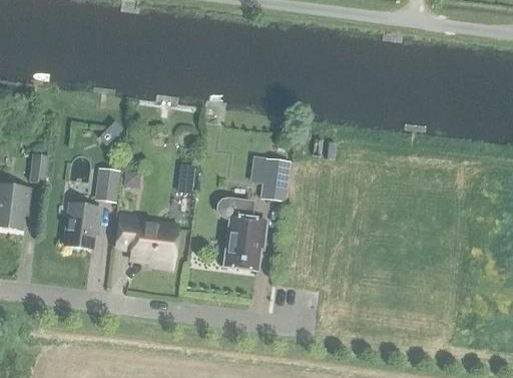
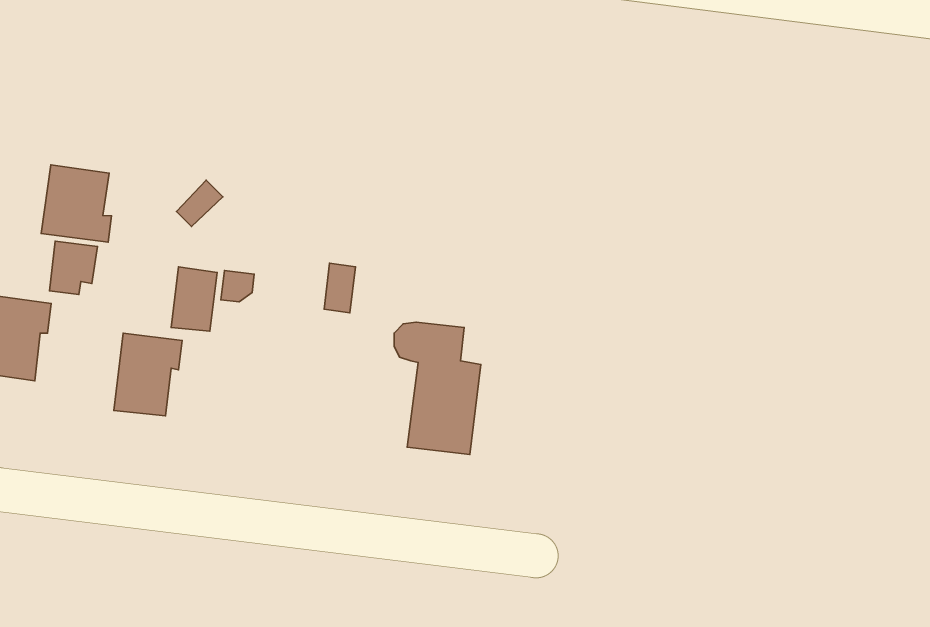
building: none -> [41,165,112,242]
building: [260,156,291,202] -> none
building: [116,214,177,267] -> none

